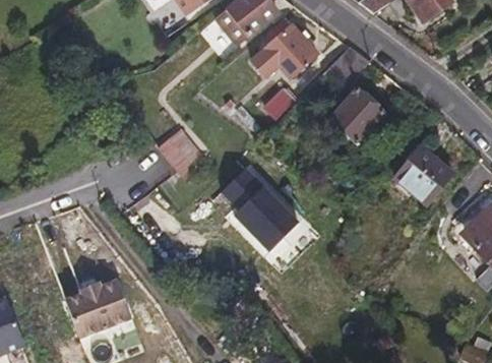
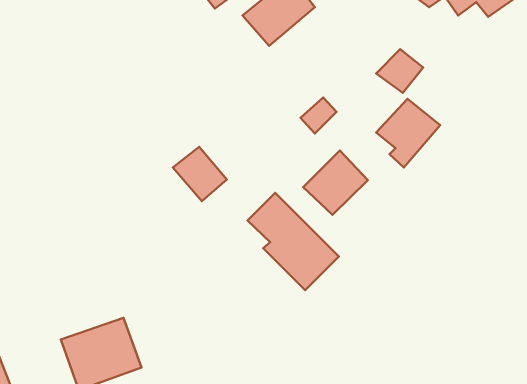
building: [251,14,317,77] -> none
building: none -> [303,151,368,215]
building: [394,147,450,204] -> none

